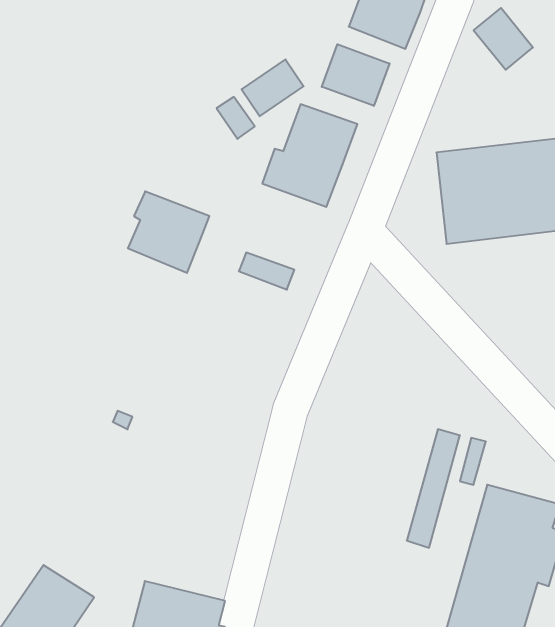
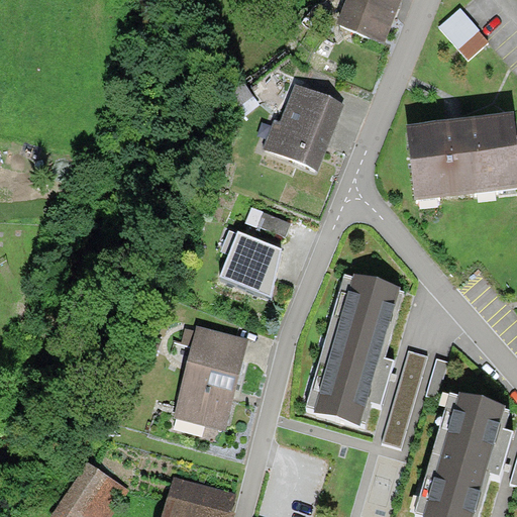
building: [322,44,390,106] -> none
building: [242,59,304,116] -> none
building: [128,191,209,273] -> [215,230,282,297]
building: none -> [307,277,404,429]
building: none -> [173,326,245,428]

